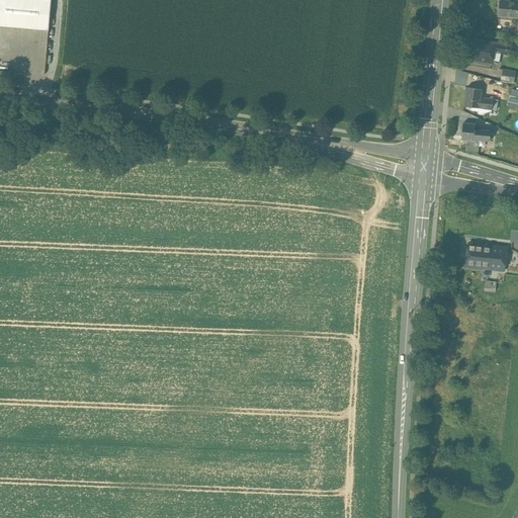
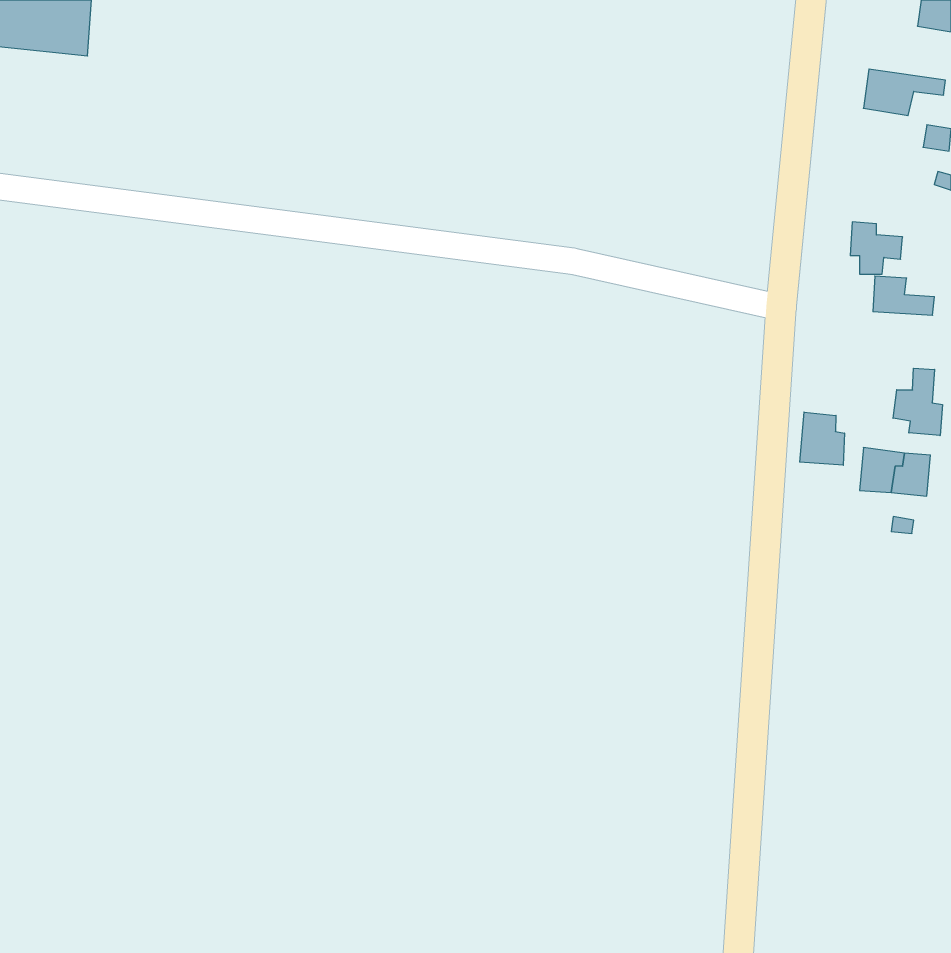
building: [463,86,497,107] -> [873,276,934,315]
building: none -> [893,368,942,436]
building: none -> [800,412,844,465]

